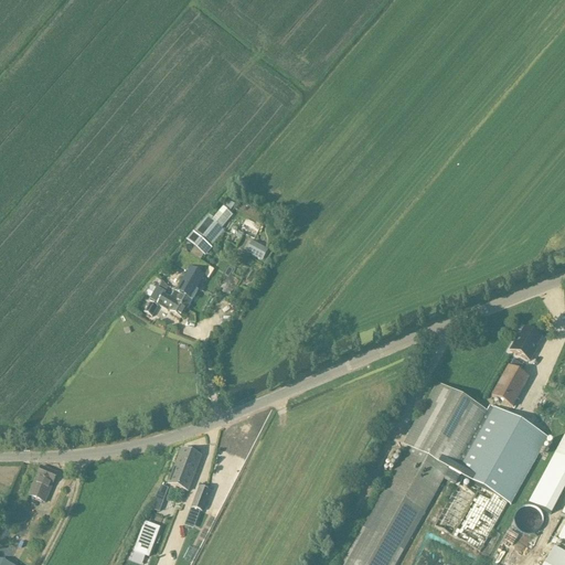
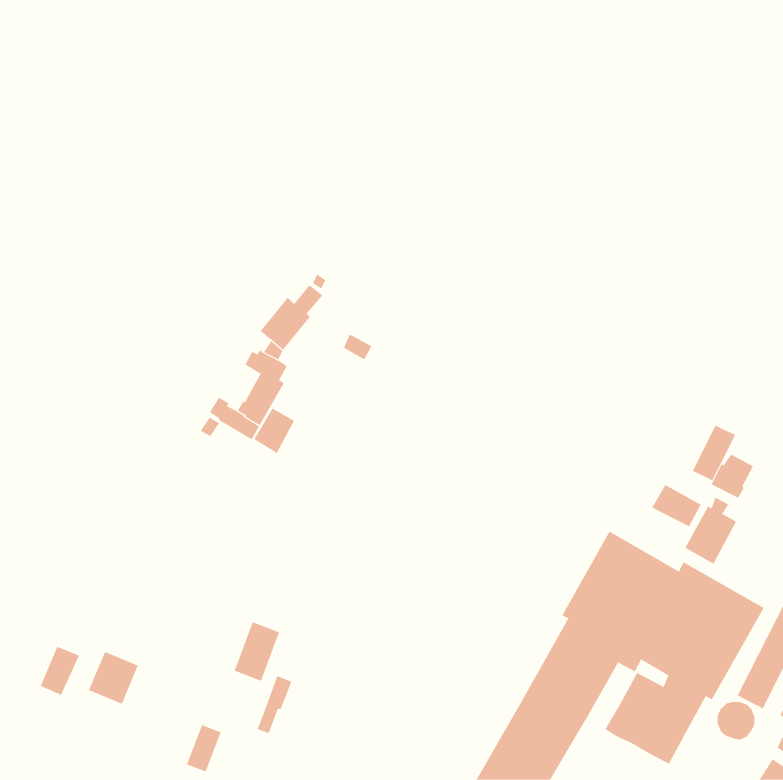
building: none -> [253,407,295,454]
building: none -> [692,425,736,481]
building: none -> [651,484,702,527]
building: none -> [88,651,139,704]

